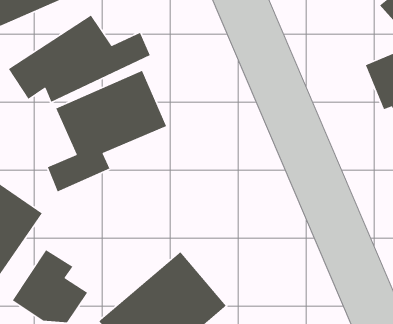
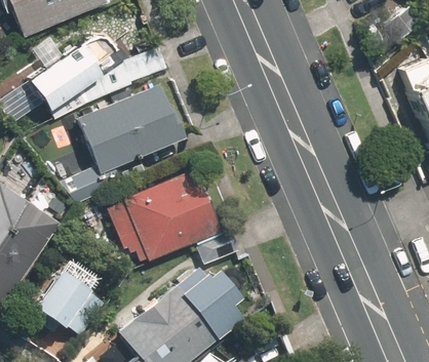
building: none -> [109,171,240,267]

